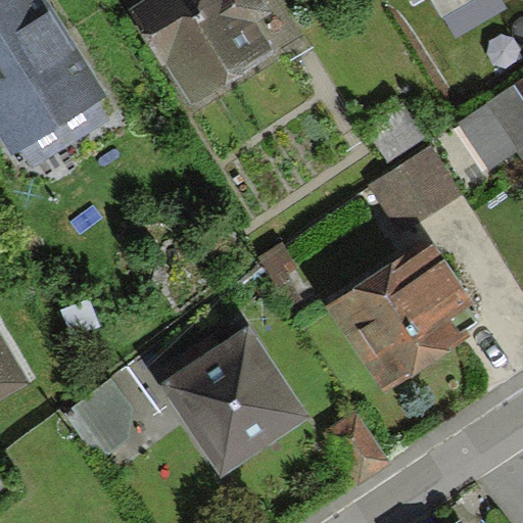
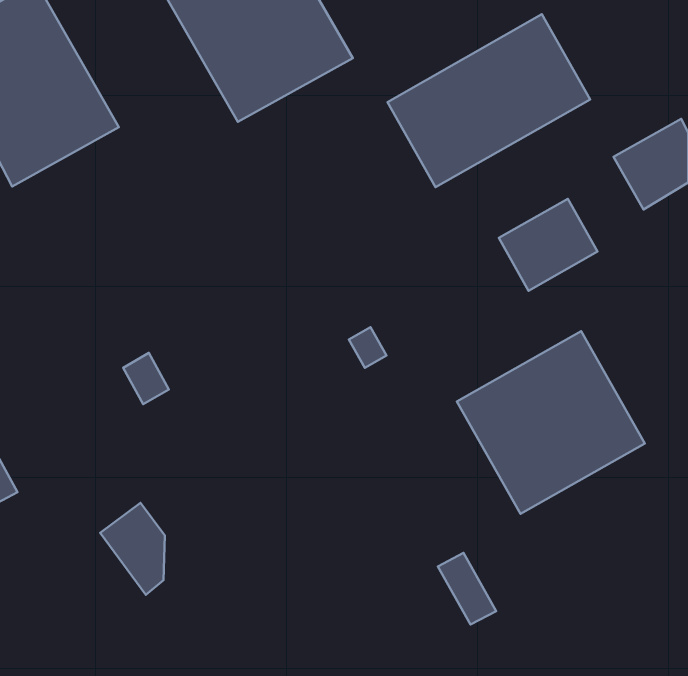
building: none -> [387,14,590,187]
building: [165,332,302,466] -> none

